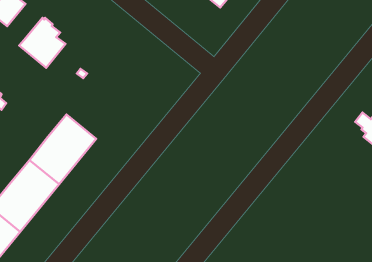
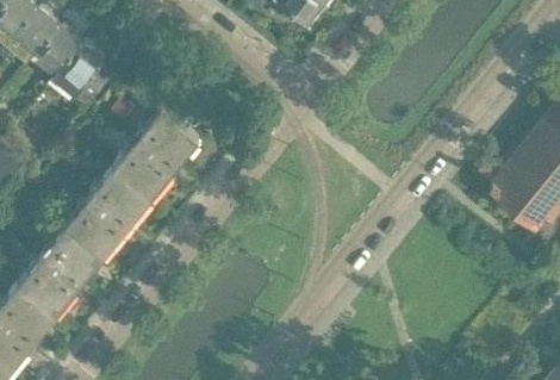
building: none -> [37,24,82,70]
building: none -> [113,106,199,197]

